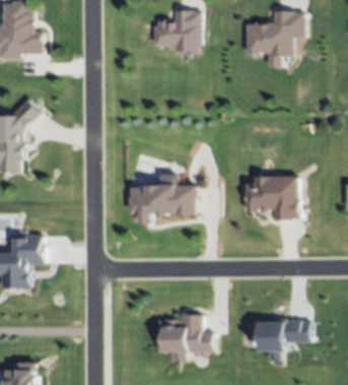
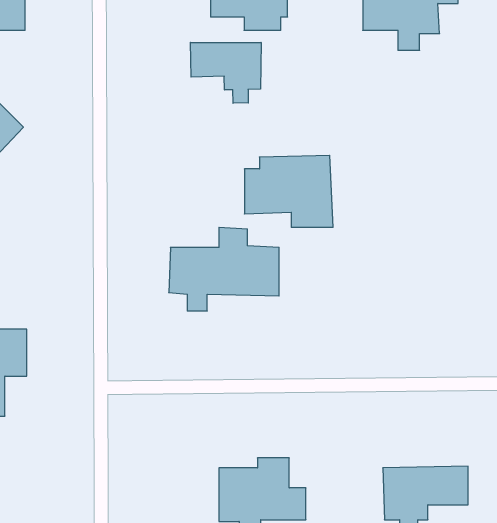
building: none -> [190,42,261,103]
building: [246,176,299,219] -> [244,155,333,227]

